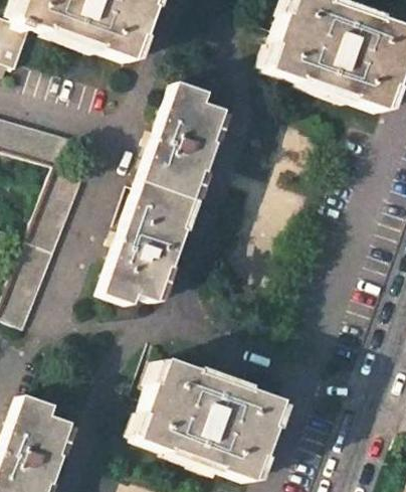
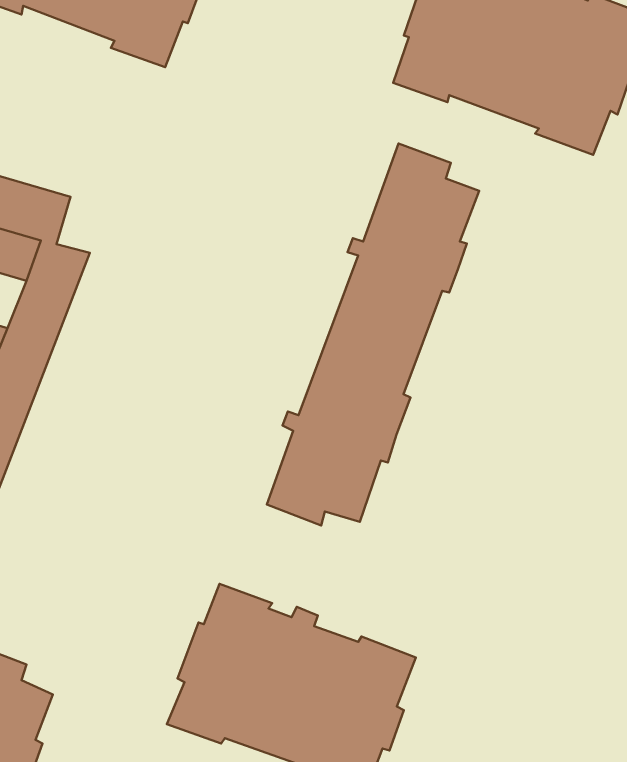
building: [104,84,225,303] -> [267,143,479,525]

